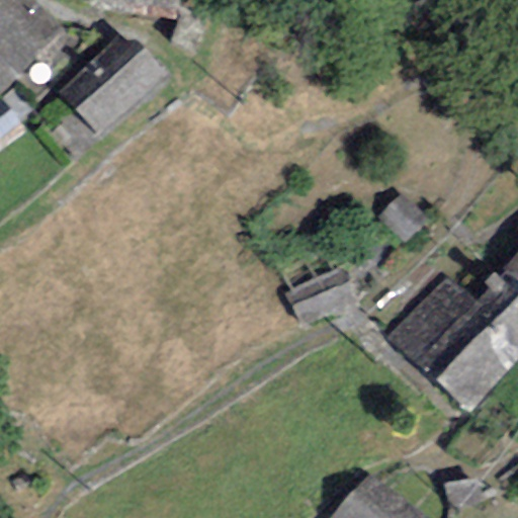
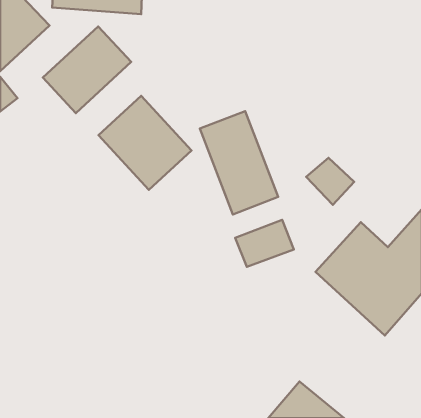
building: none -> [98,96,192,190]
building: none -> [200,111,278,214]

